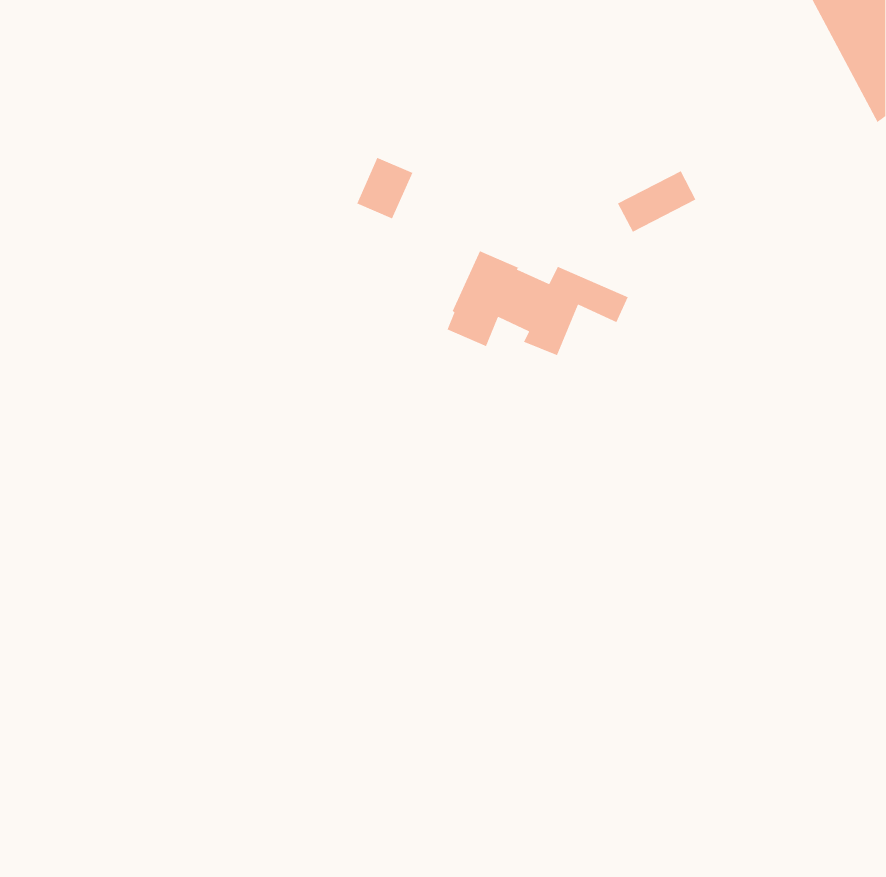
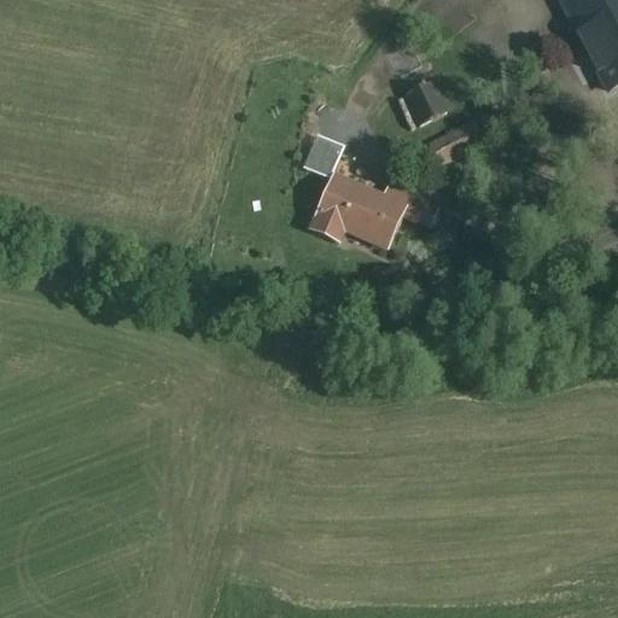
building: none -> [404,80,445,121]
building: [356,157,413,219] -> [304,134,344,177]

